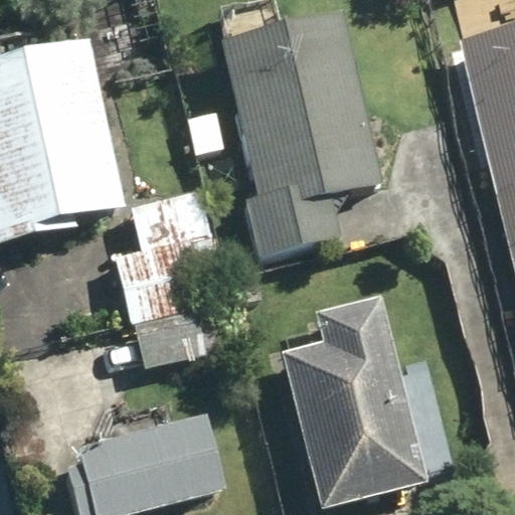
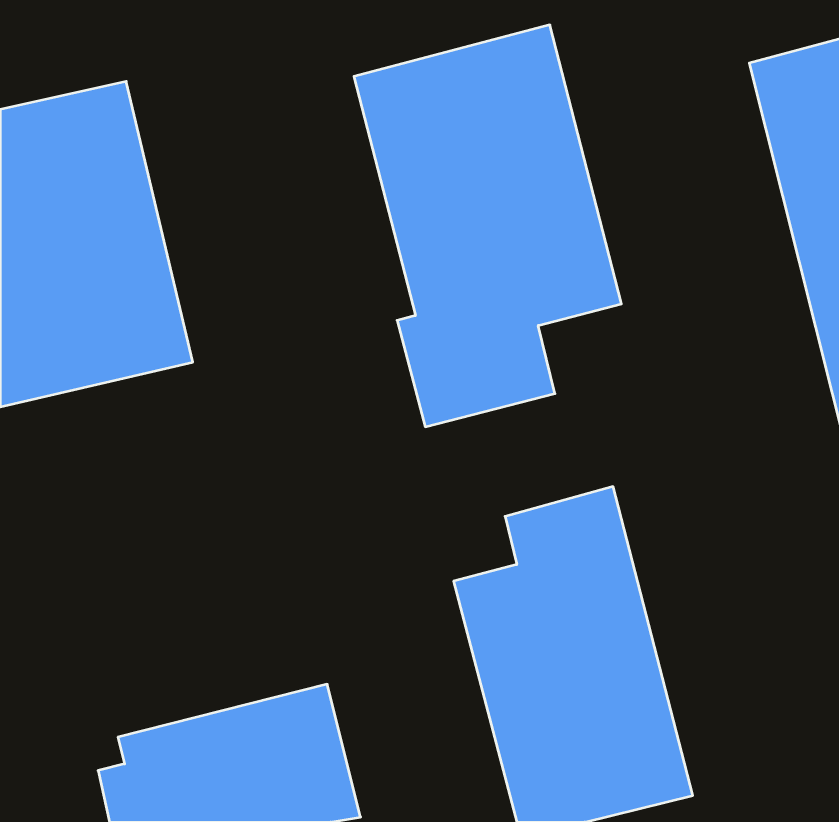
building: [117,235,219,367] -> none

